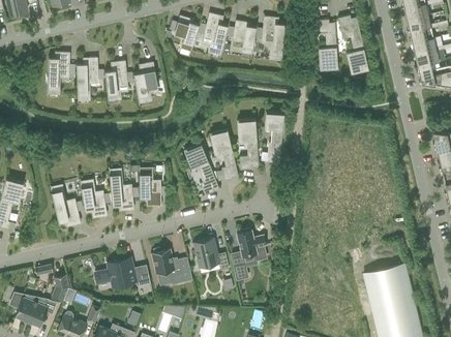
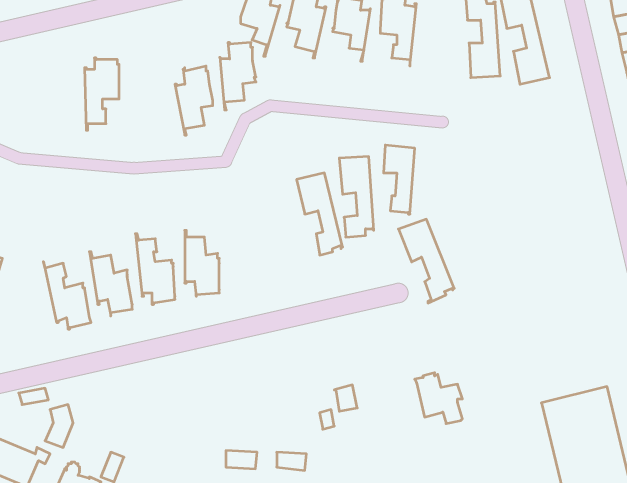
building: [46,51,69,96] -> none
building: [104,61,127,103] -> [220,43,256,110]
building: [183,144,218,196] -> [398,219,454,303]
building: [236,228,266,261] -> [415,373,462,424]
building: [193,239,229,271] -> none
building: [151,248,191,284] -> none
building: [95,257,151,287] -> none

